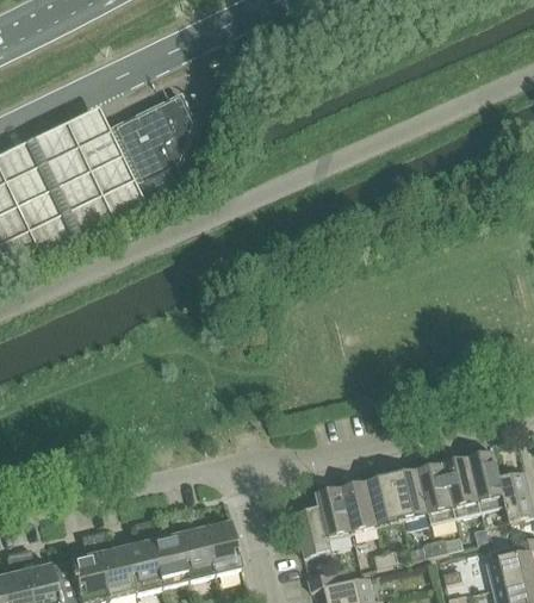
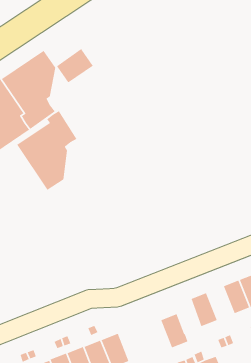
building: none -> [56,47,95,84]
building: none -> [16,110,77,191]
building: [365,474,401,524] -> none
building: [313,486,349,536] -> none

